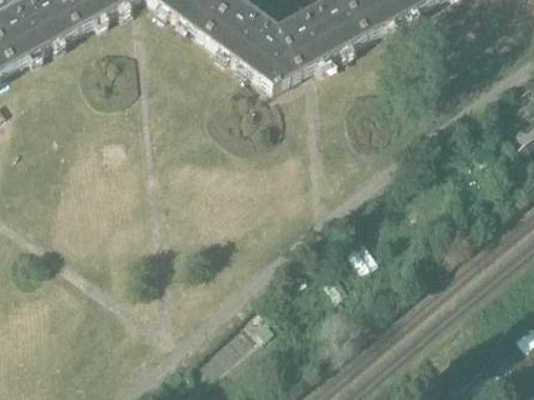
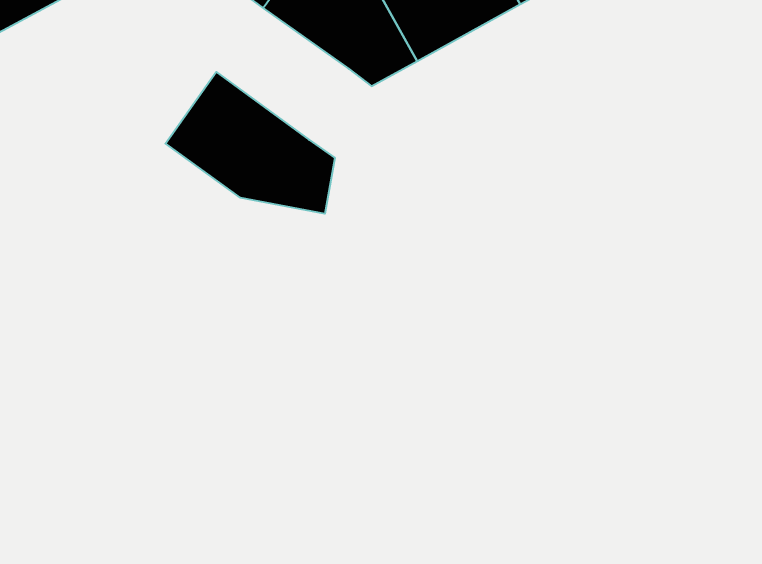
building: none -> [165,72,335,214]

